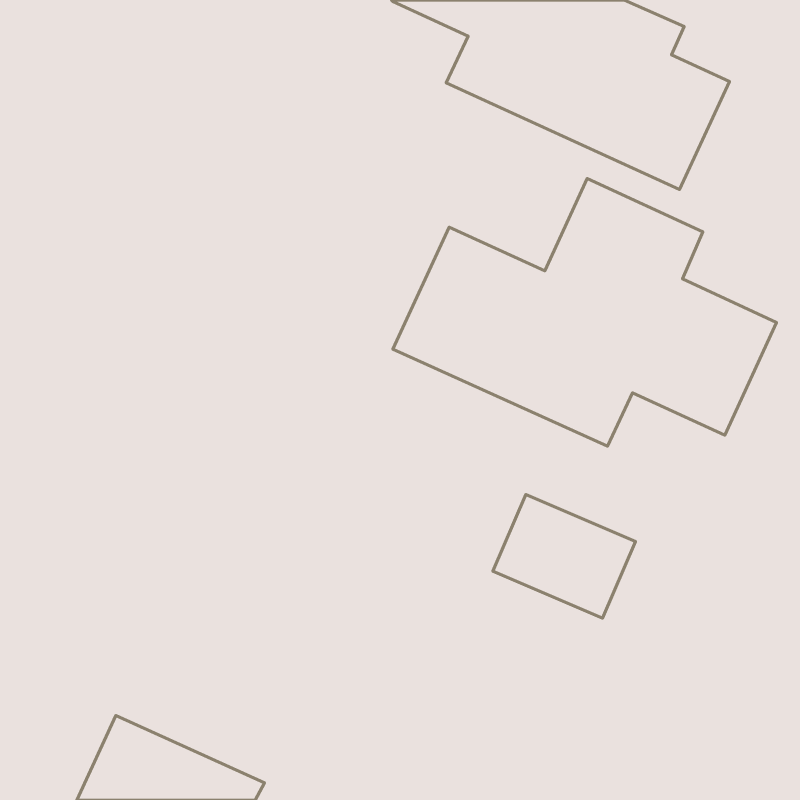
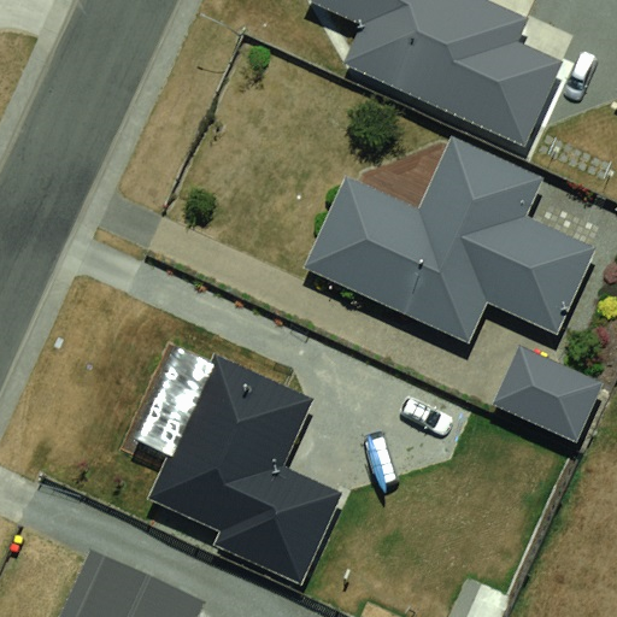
building: none -> [146,353,341,584]
building: [493,494,635,618] -> [494,346,604,441]

